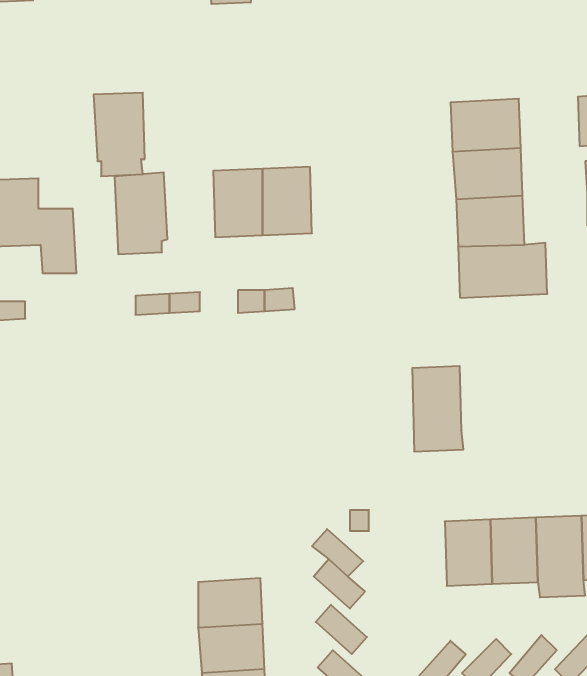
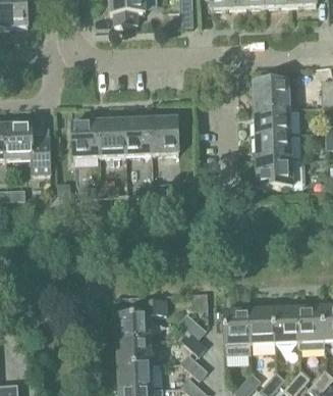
building: [94,93,145,176] -> [99,119,126,164]
building: [412,366,463,451] -> [224,308,252,354]
building: none -> [115,302,168,341]

